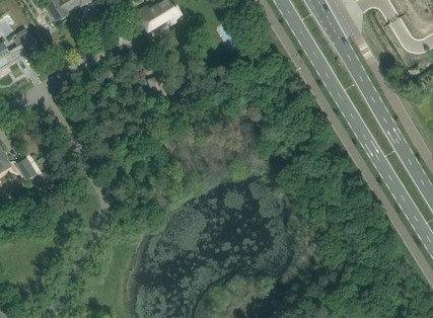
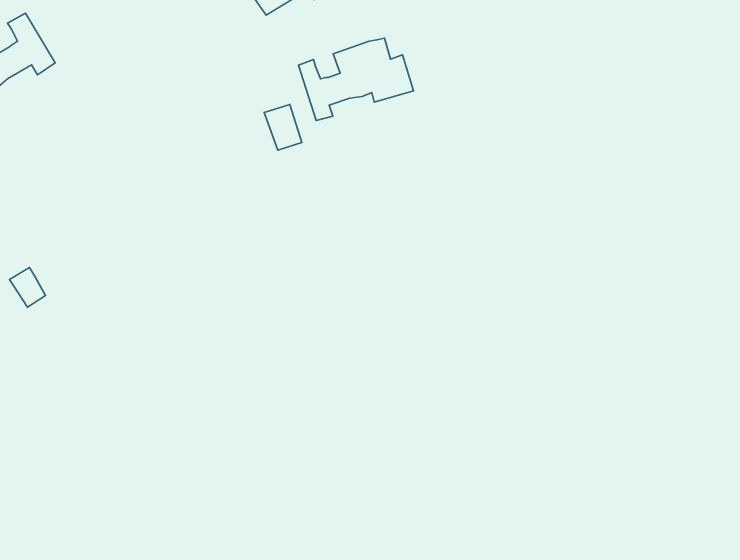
building: none -> [298,38,413,120]

